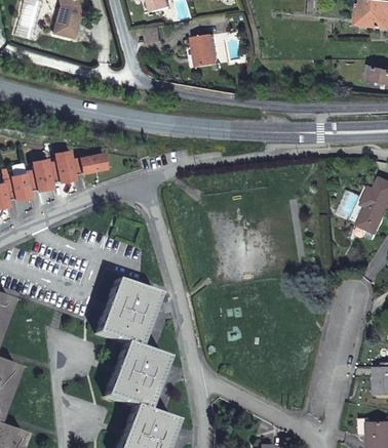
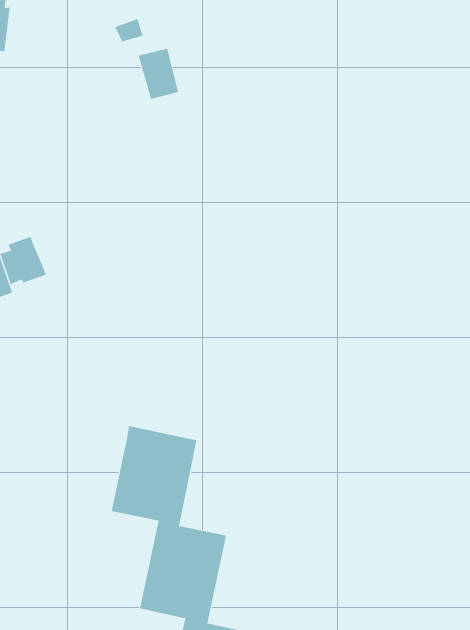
building: [192,33,215,64] -> [138,48,179,100]
building: [73,154,105,174] -> none

